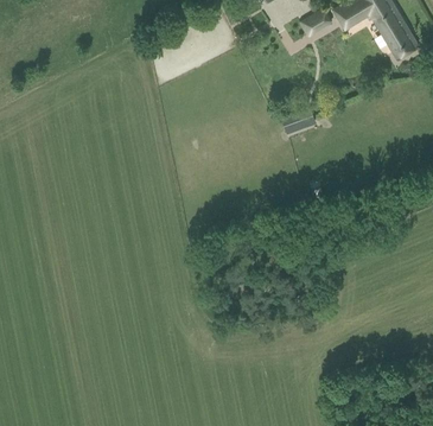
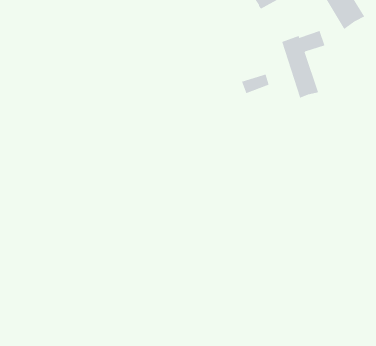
building: none -> [282,30,325,98]

